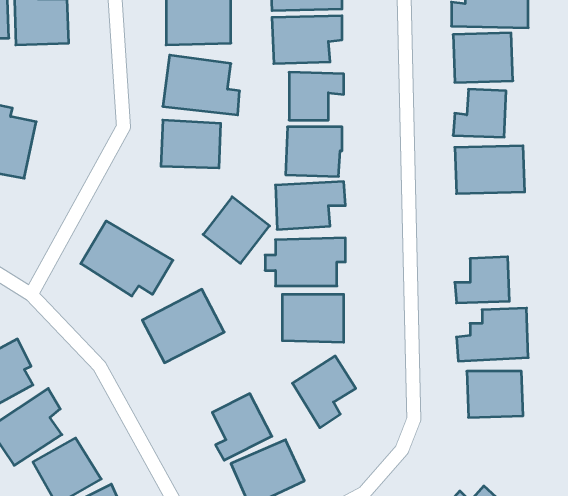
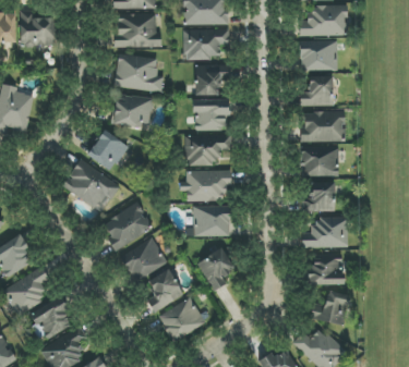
building: [203,197,270,263] -> [85,129,128,171]
building: none -> [302,146,338,176]
building: none -> [121,237,167,281]
building: none -> [311,290,349,326]

